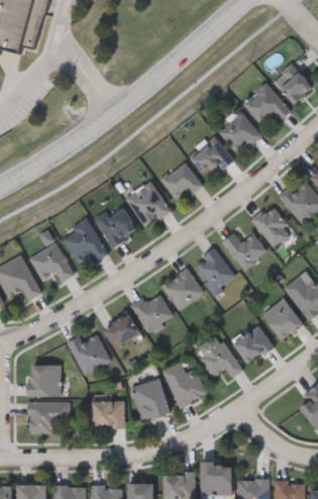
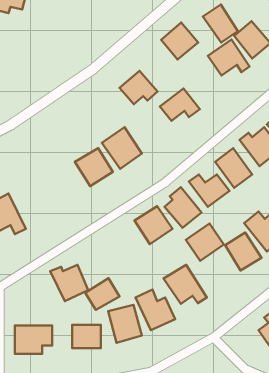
building: none -> [203,5,238,42]
building: [219,112,260,154] -> [161,23,198,60]
building: [161,162,203,199] -> [119,71,158,104]
building: [64,217,107,262] -> none
building: [29,243,73,283] -> none
building: [131,291,172,330] -> none
building: [103,313,141,348] -> [85,278,119,310]
building: [231,323,274,365] -> [186,224,224,261]
building: [28,365,61,397] -> none

